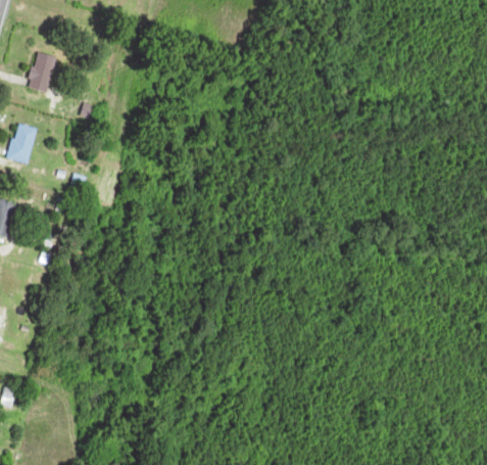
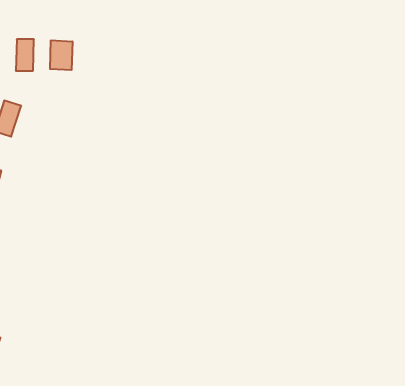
building: none -> [50,40,72,70]

